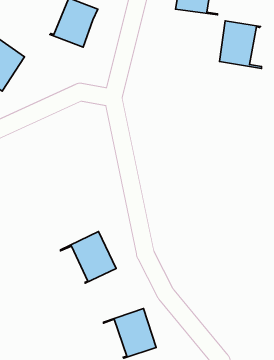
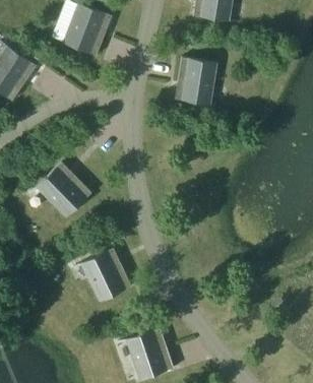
building: [219,21,261,68] -> [175,57,218,107]
building: none -> [29,163,91,218]

